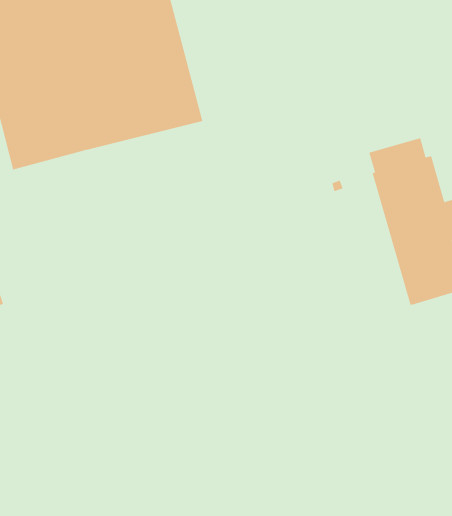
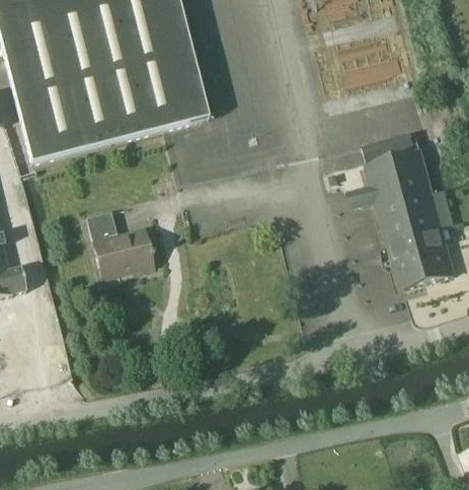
building: none -> [86,210,154,279]

